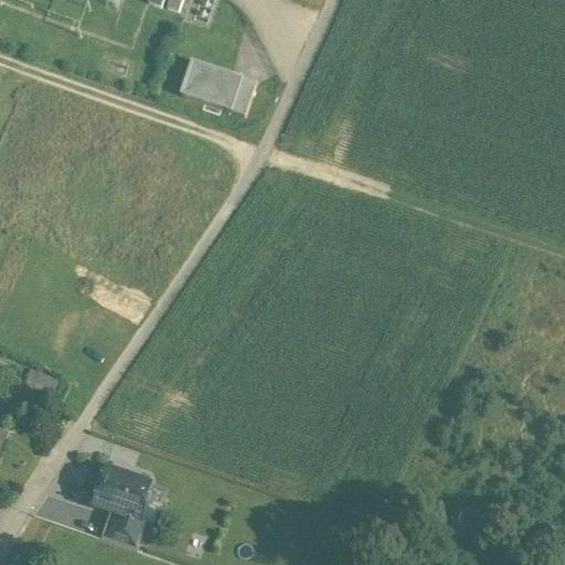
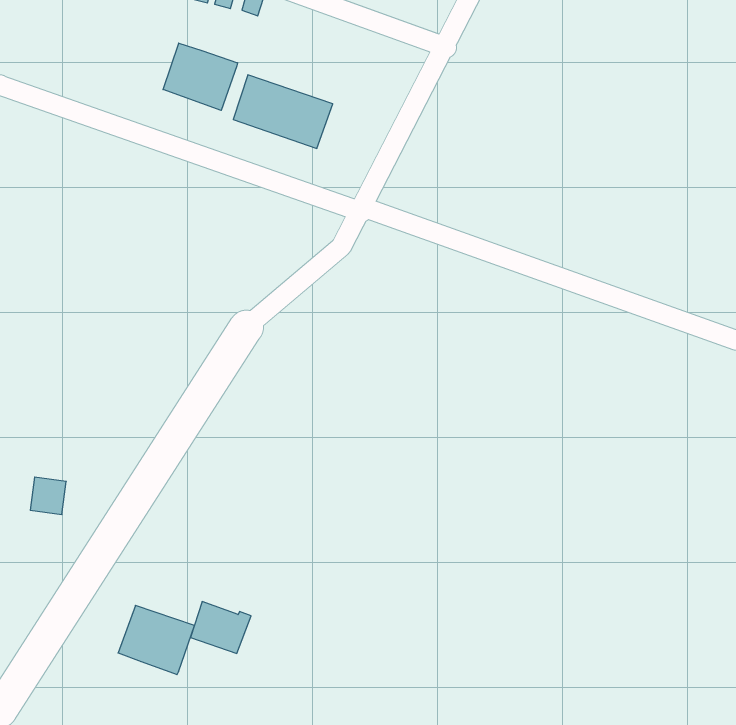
building: none -> [163,43,238,110]
building: [99,507,146,546] -> [191,602,251,653]

